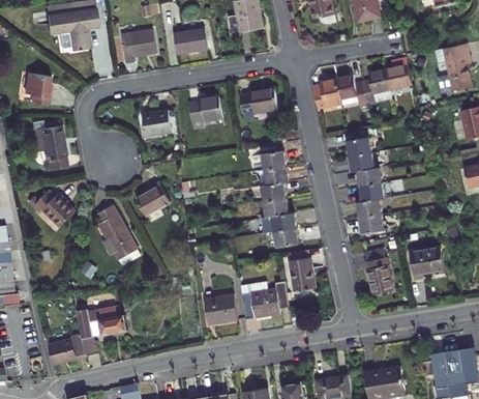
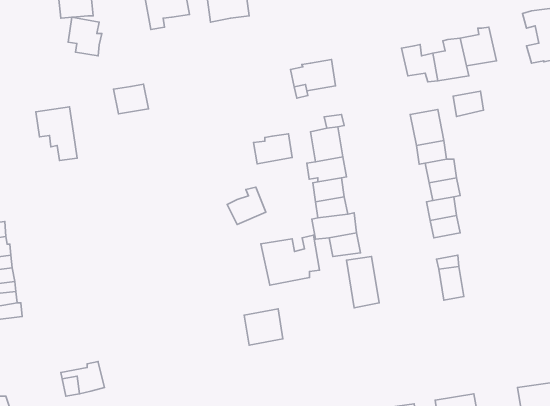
building: [23,74,51,106] -> [68,17,102,56]
building: [312,78,339,105] -> none
building: [186,98,218,123] -> [253,134,292,164]
building: [140,113,169,138] -> [113,84,148,114]
building: none -> [453,91,484,116]
building: [134,183,167,215] -> [227,187,266,225]
building: [35,191,76,229] -> none
building: [92,207,133,259] -> none
building: [409,248,445,286] -> none
building: [238,277,287,318] -> [261,235,320,285]
building: [77,307,128,339] -> none

